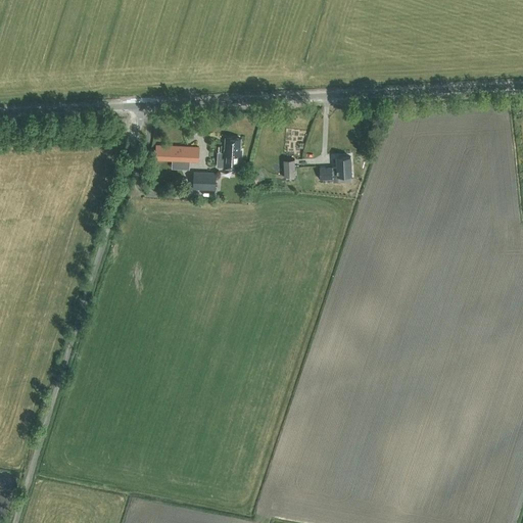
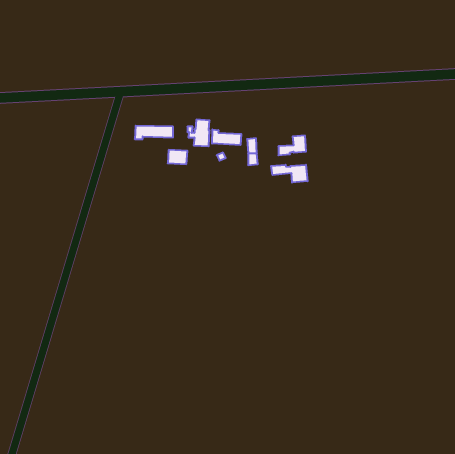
building: none -> [212,129,241,145]
building: none -> [271,165,308,183]

